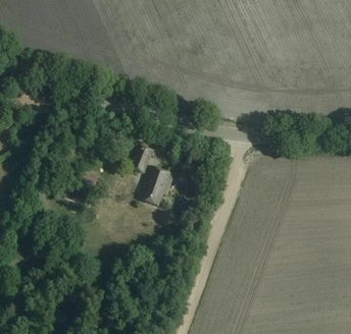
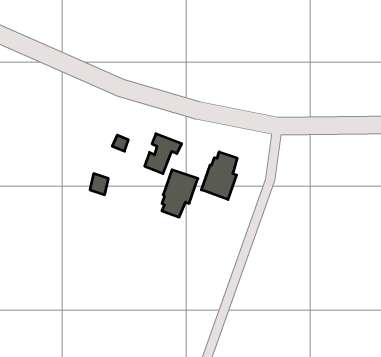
building: none -> [201,152,237,200]

